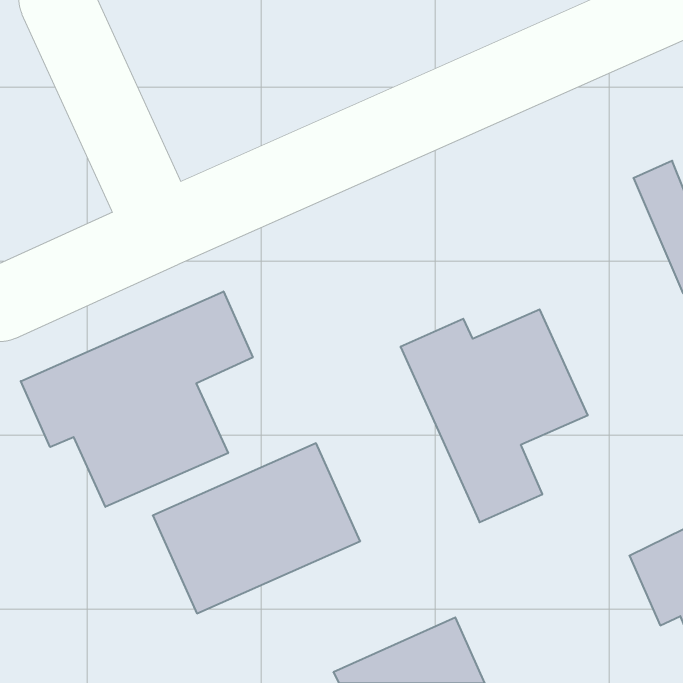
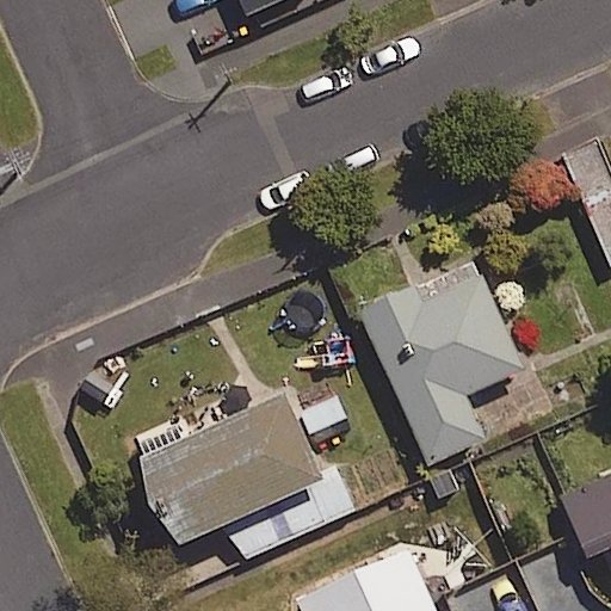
building: [21,291,253,507] -> none

